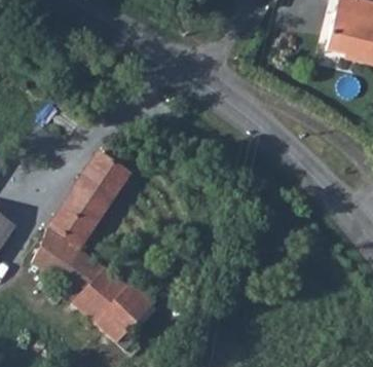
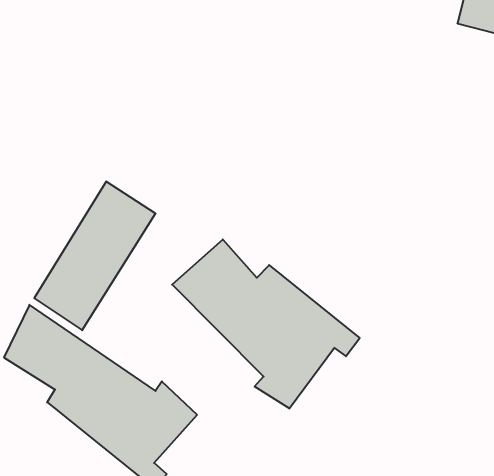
building: none -> [172,239,360,409]

